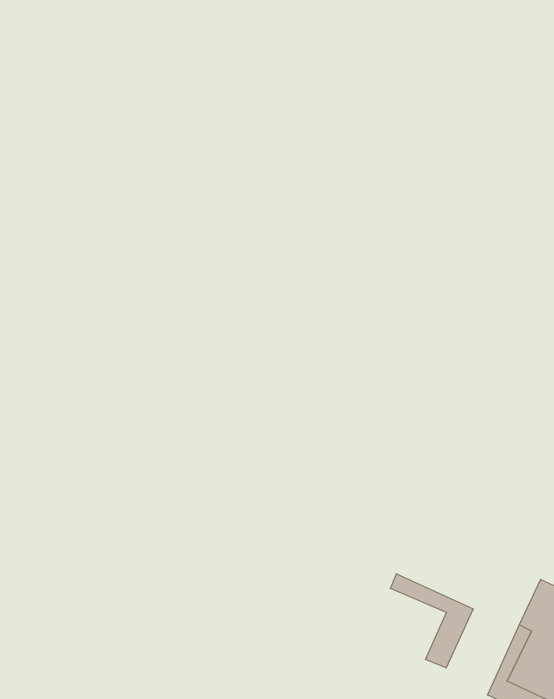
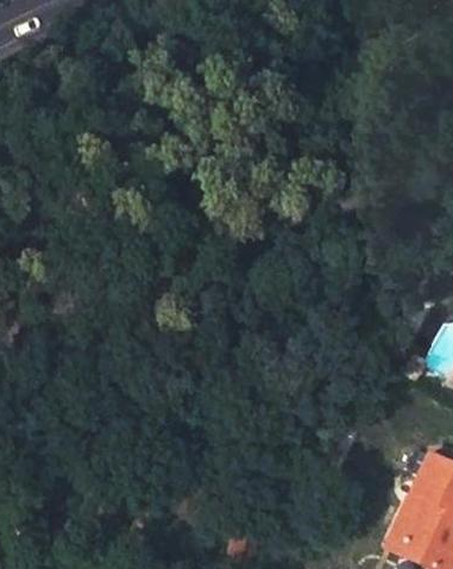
building: [390,574,473,668] -> none

